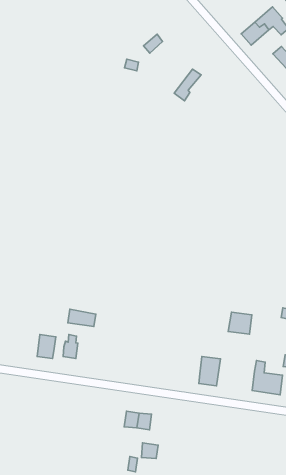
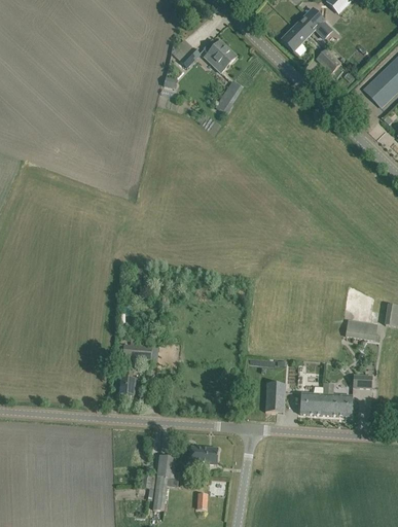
building: none -> [204,38,236,72]
building: [228,312,252,334] -> [299,392,323,414]
building: [37,335,56,359] -> none
building: none -> [143,454,176,510]

